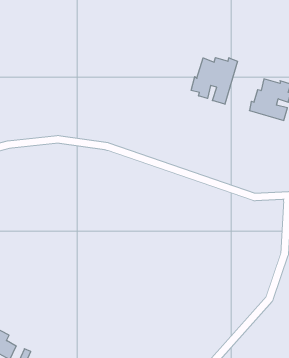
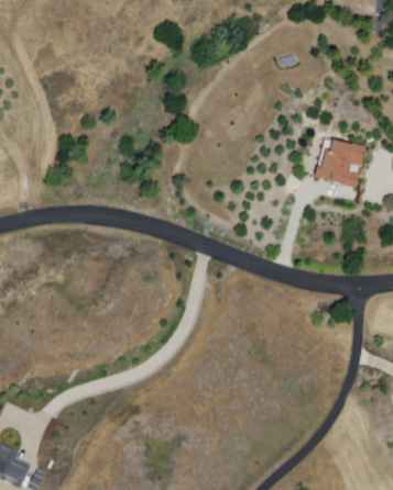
building: [191,58,237,104] -> none

